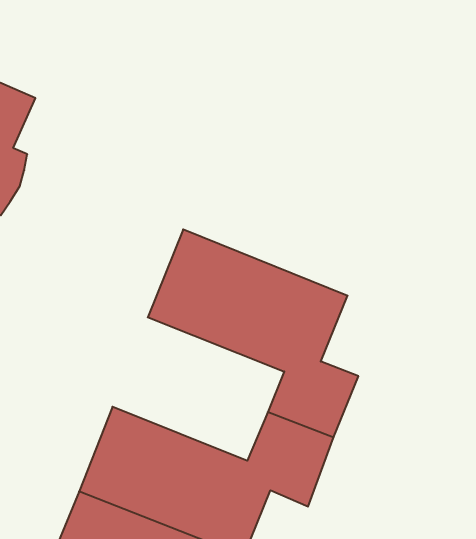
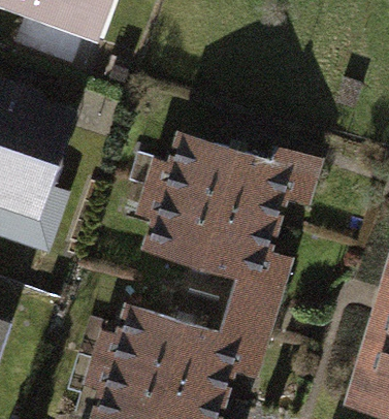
building: none -> [162,136,318,225]

